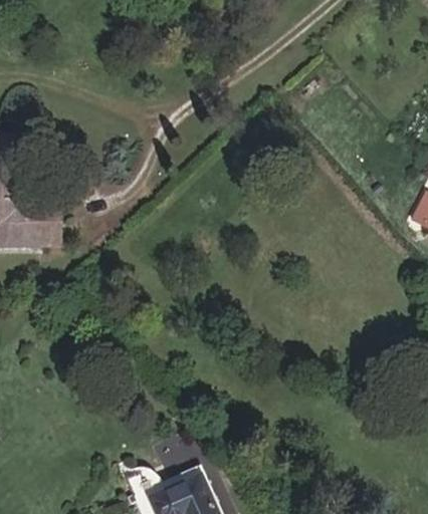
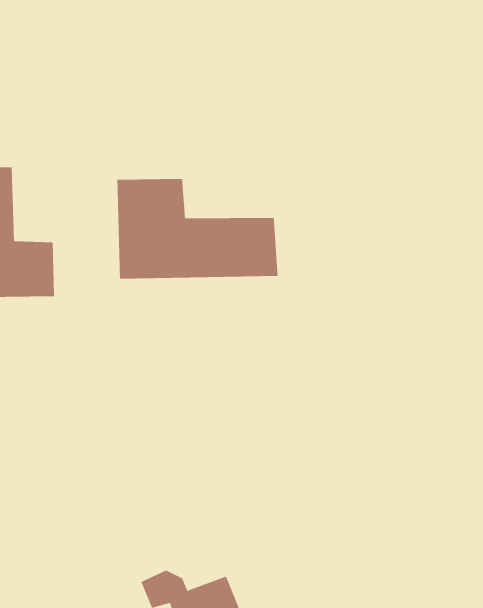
building: none -> [117,178,278,279]

